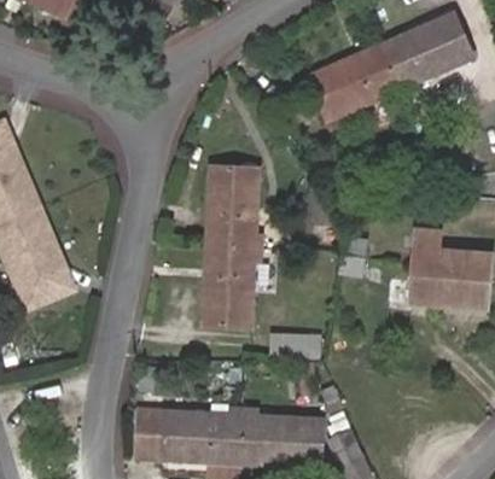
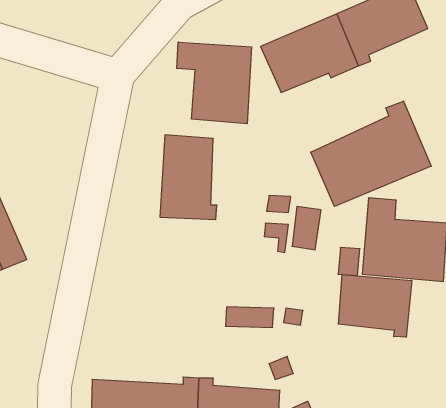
building: none -> [177,42,251,124]
building: none -> [311,101,431,206]
building: [202,245,261,328] -> none
building: none -> [338,274,412,337]

